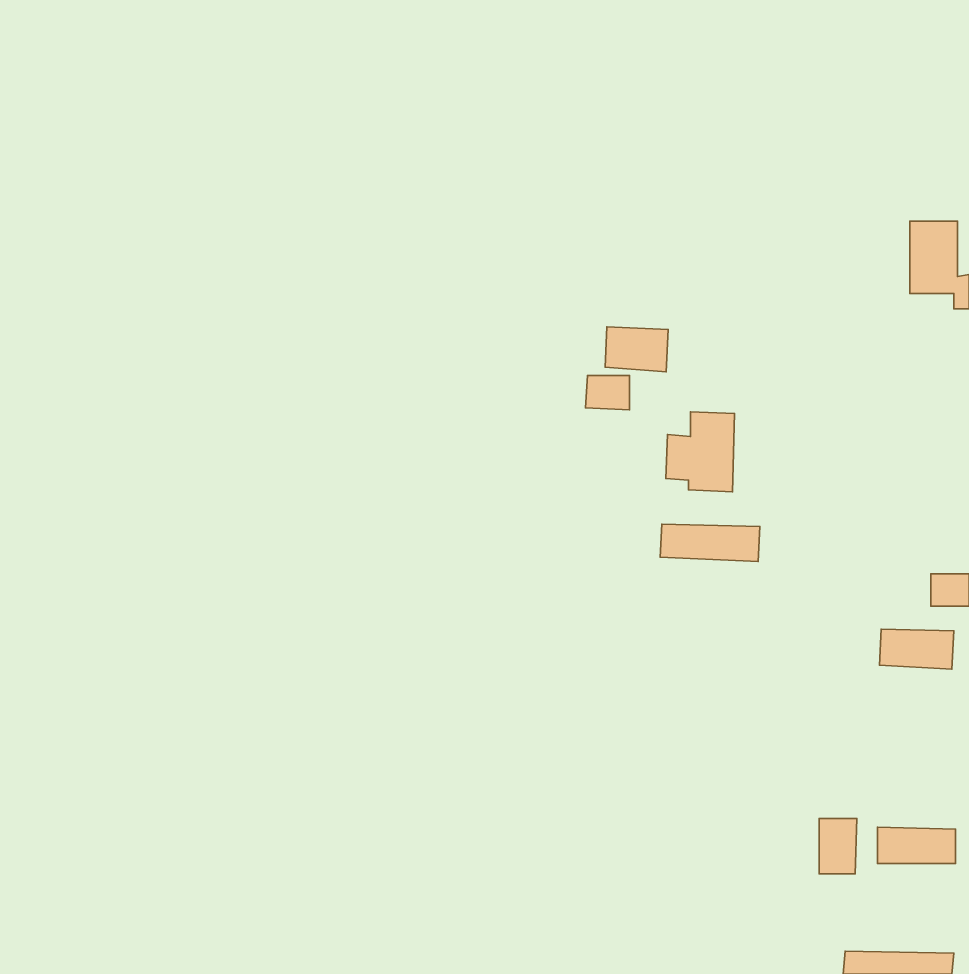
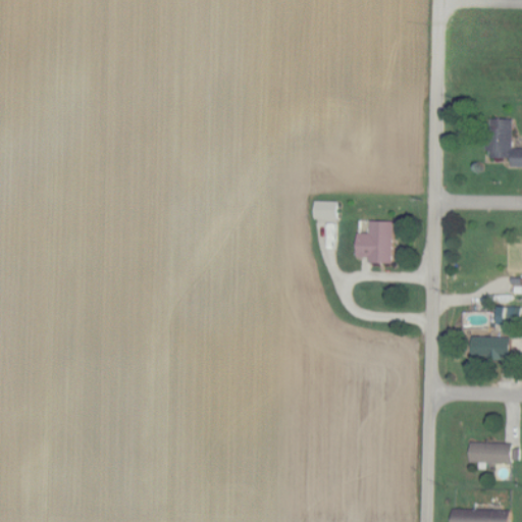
building: [605,327,668,372] -> none
building: [660,524,760,561] -> none
building: [819,818,857,874] -> none

